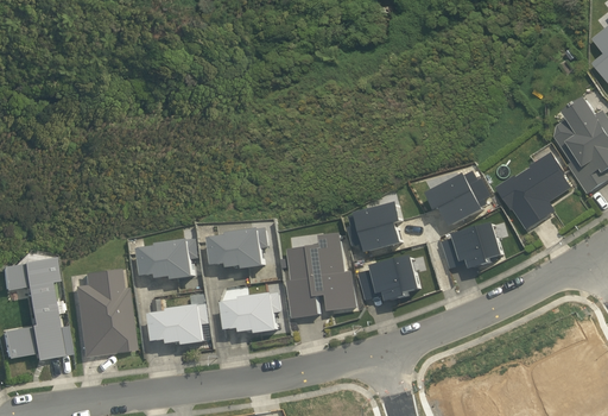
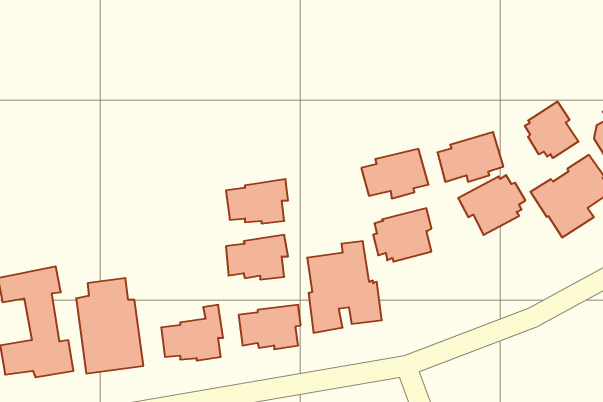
building: none -> [525,102,579,158]
building: [443,222,505,269] -> [437,132,503,182]
building: [140,238,198,279] -> [226,179,288,223]
building: [360,256,423,302] -> [361,149,429,198]

